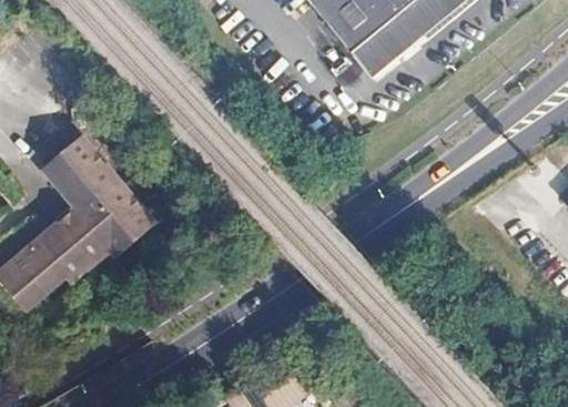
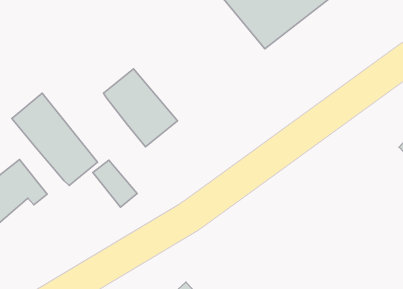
building: none -> [103,69,178,147]
building: [49,204,108,266] -> [93,160,137,207]

